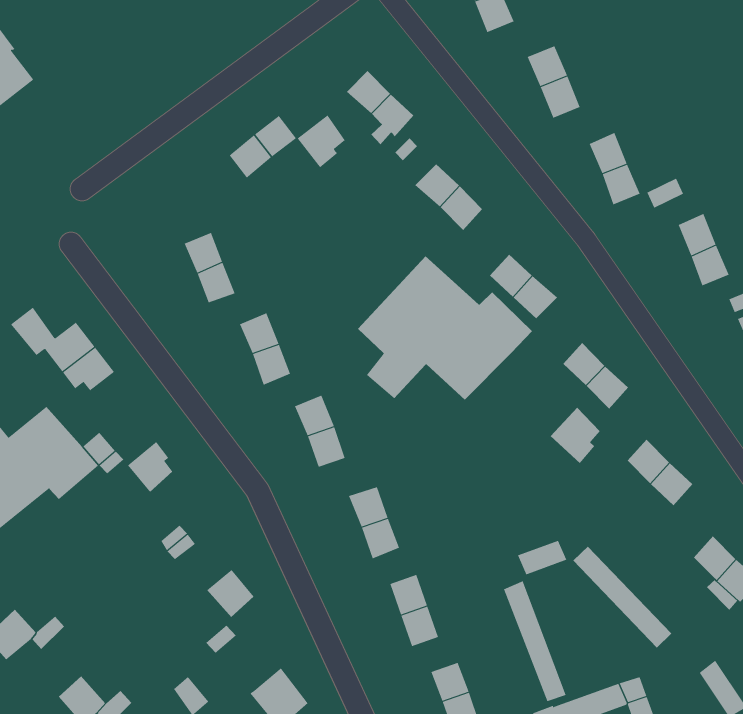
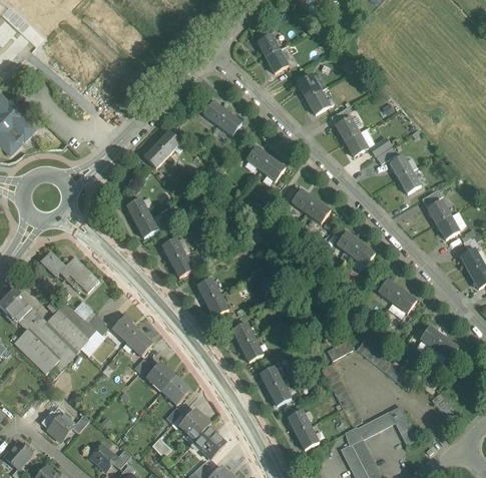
building: [297,114,346,168] -> none
building: [357,256,533,400] -> none
building: [550,407,601,464] -> none
building: none -> [126,329,153,356]
building: none -> [146,362,175,392]
building: none -> [179,409,210,440]

